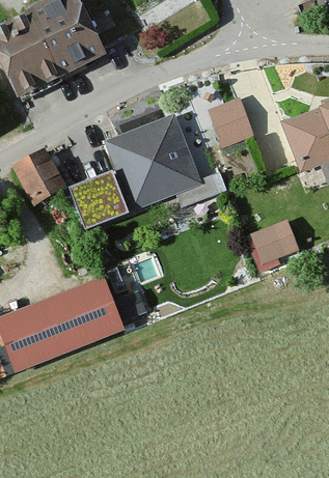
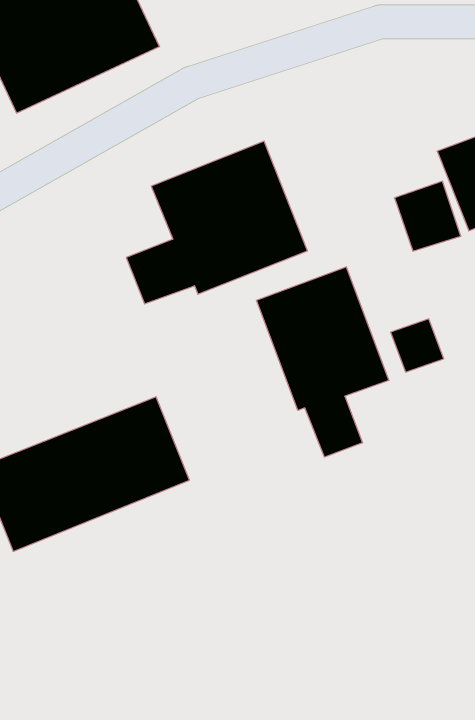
building: [208,99,249,142] -> [394,181,461,251]
building: [13,151,67,210] -> none
building: none -> [257,267,389,457]

